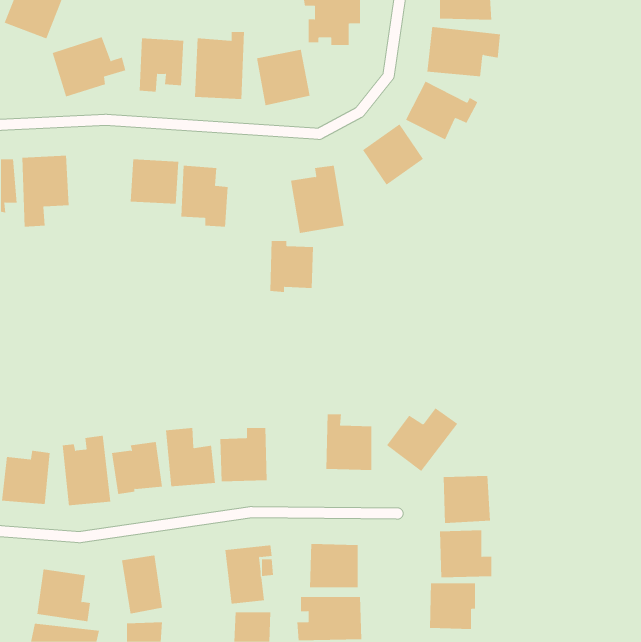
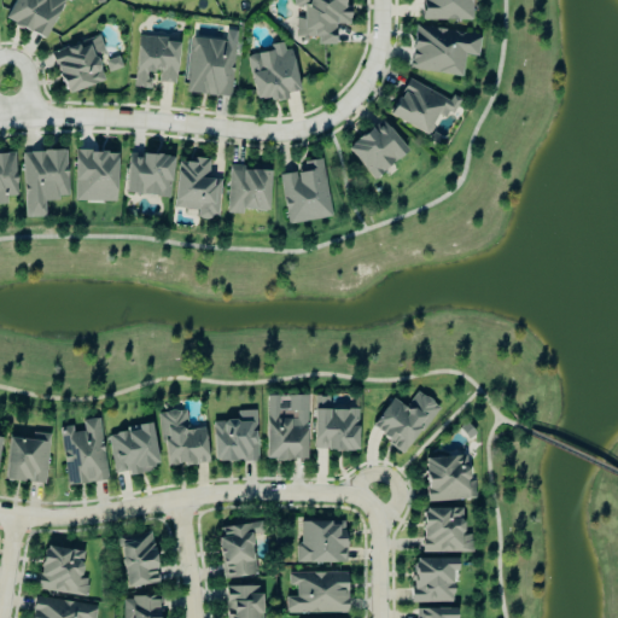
building: none -> [76,150,118,200]
building: [270,241,314,292] -> [229,164,272,214]
building: none -> [267,393,309,460]

